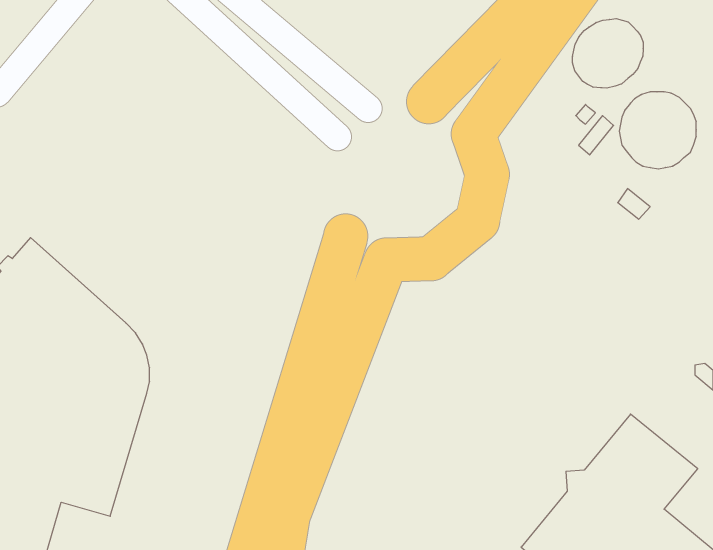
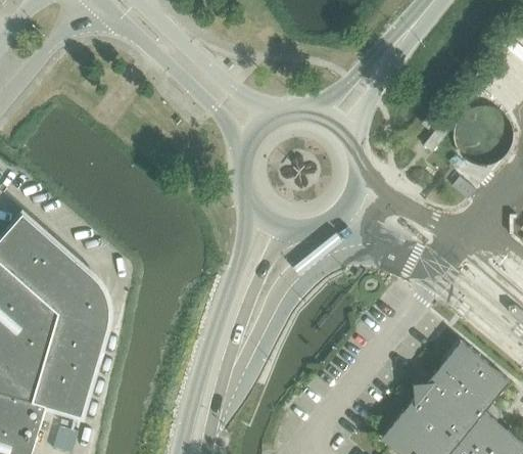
building: [573,19,643,88] -> none

